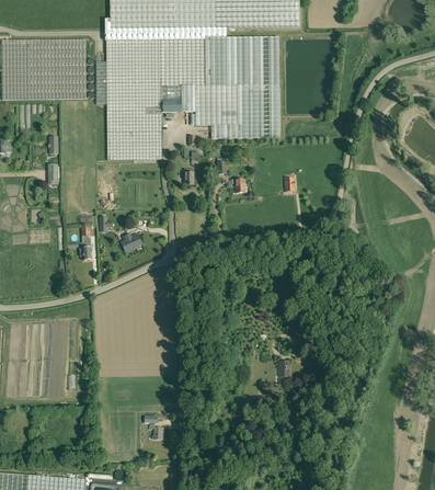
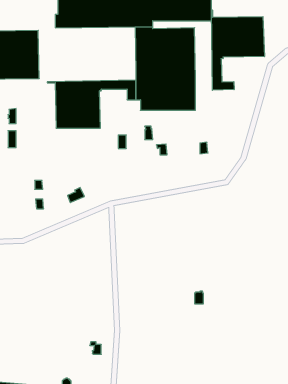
building: none -> [211,10,264,90]
building: [96,35,206,103] -> none

